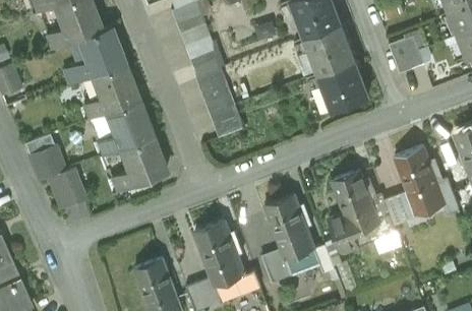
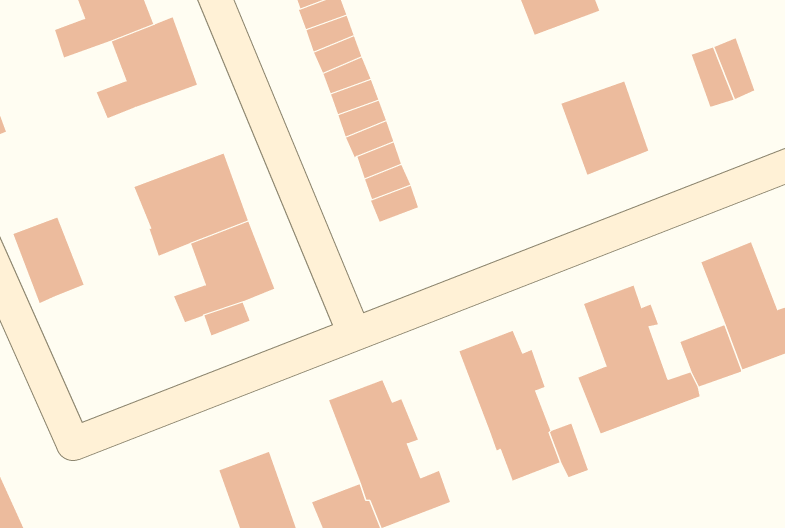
building: [305,23,354,73] -> none
building: [83,63,138,118] -> none
building: [48,168,84,209] -> none
building: [261,249,293,284] -> none

